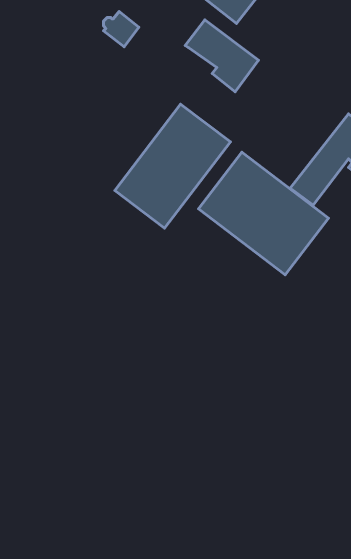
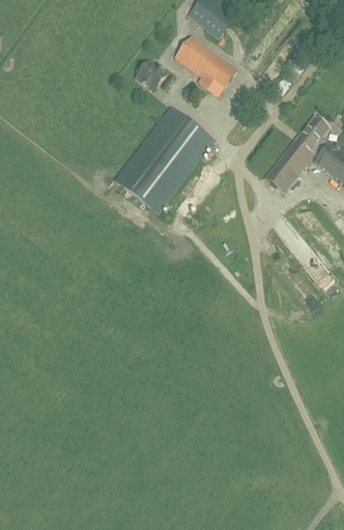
building: [103,11,139,47] -> [136,60,166,90]
building: [199,152,329,275] -> none

